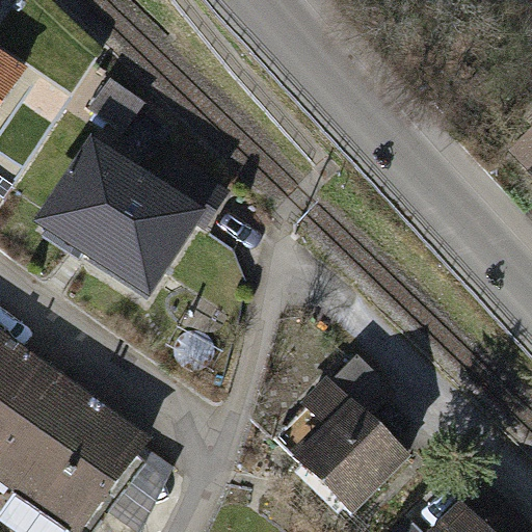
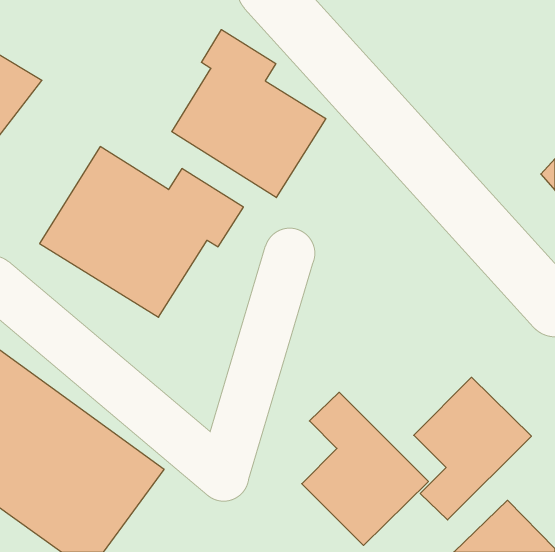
building: none -> [172,30,326,198]
building: none -> [414,377,531,520]

